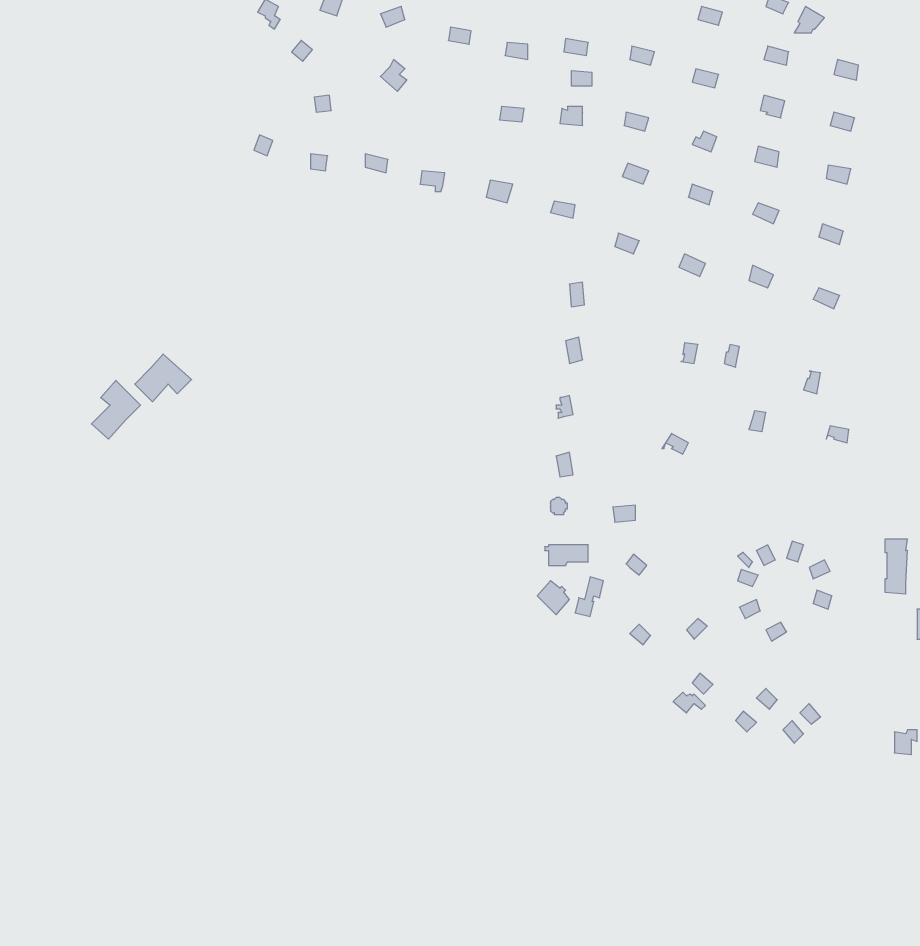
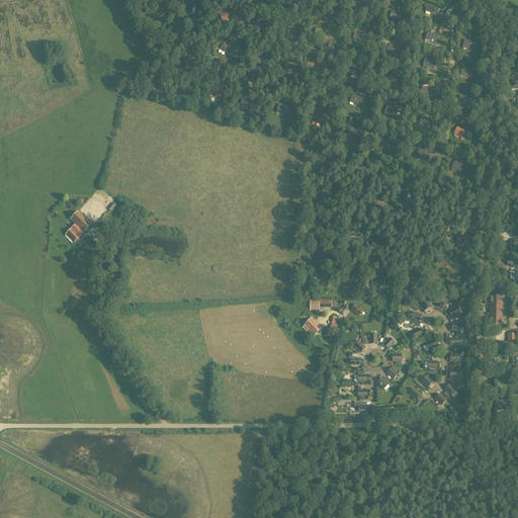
building: [135,354,192,402] -> none

